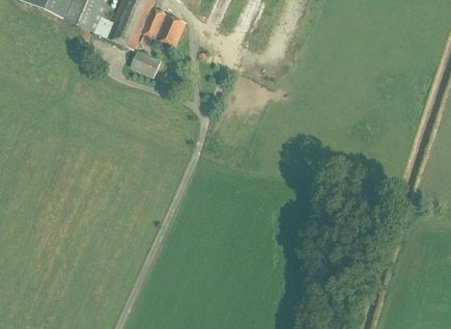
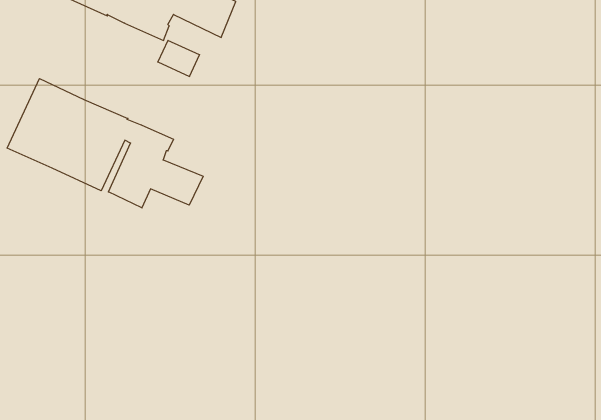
building: none -> [7,79,203,208]

